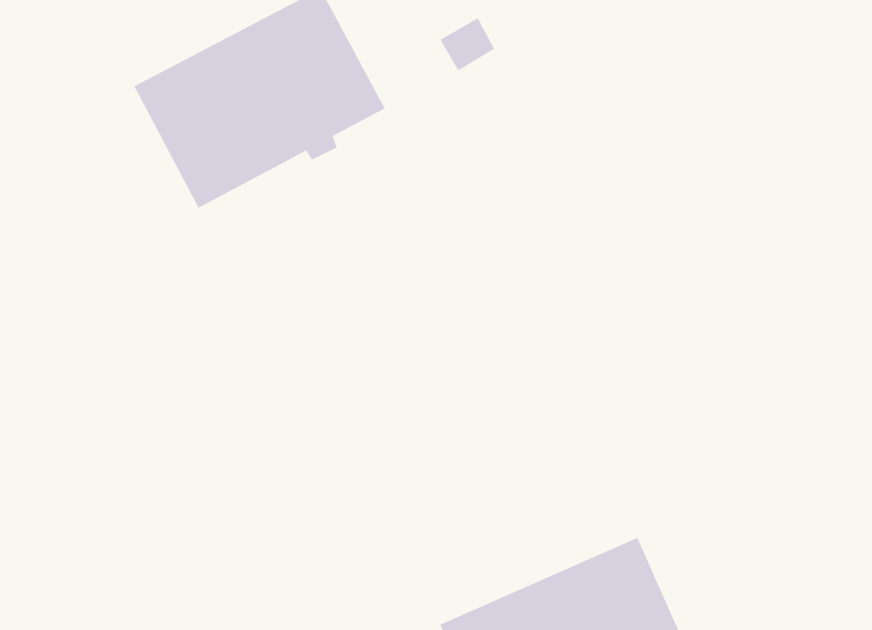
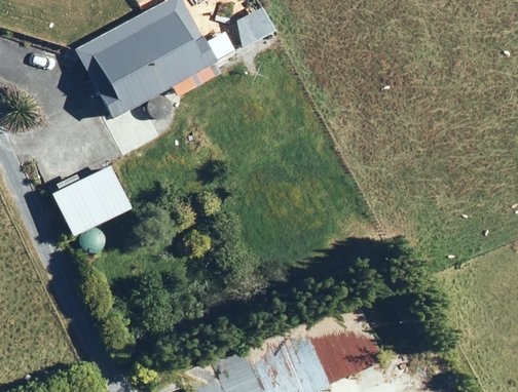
building: none -> [50,166,128,236]

